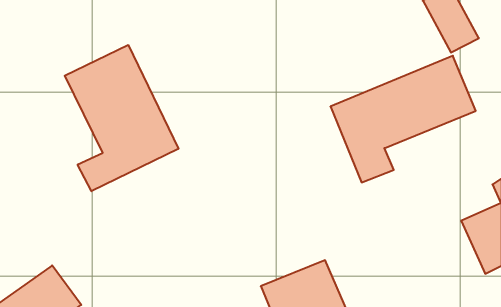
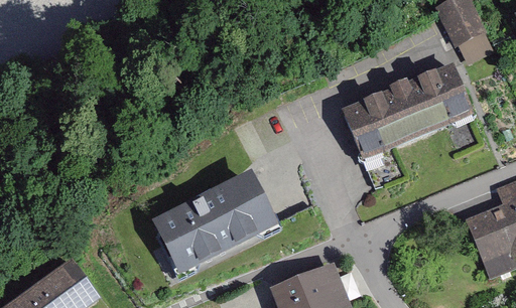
building: [65,45,178,191] -> none
building: none -> [146,178,268,275]

